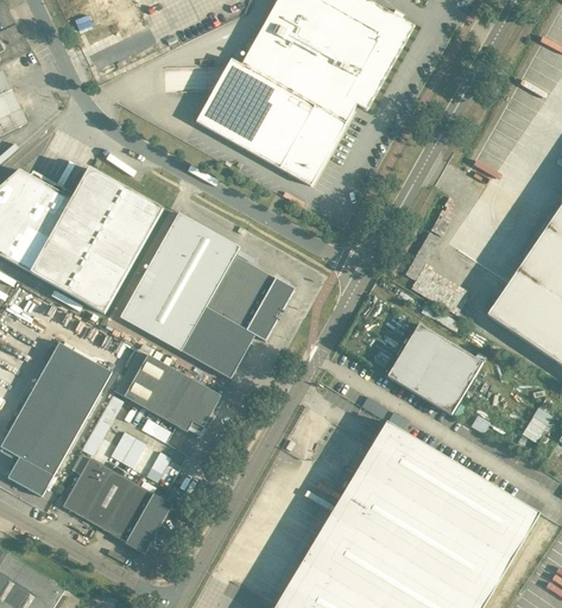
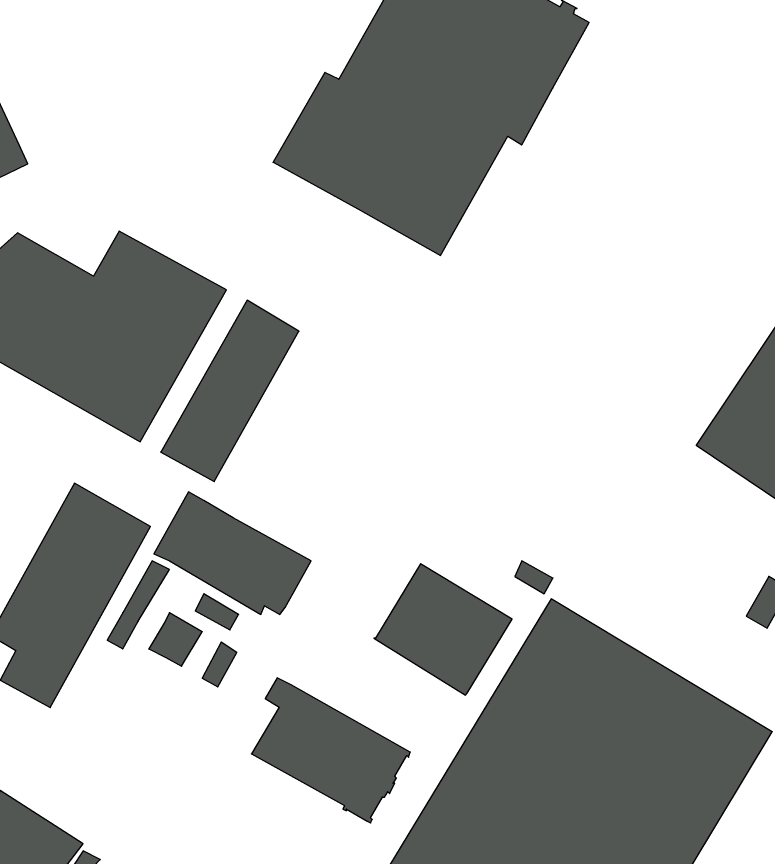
building: [156,236,293,381] -> none
building: [387,324,482,414] -> [374,564,512,695]
building: [63,452,172,552] -> [251,678,410,823]

